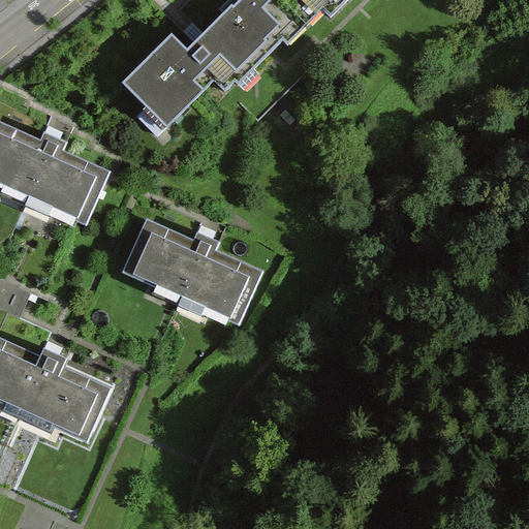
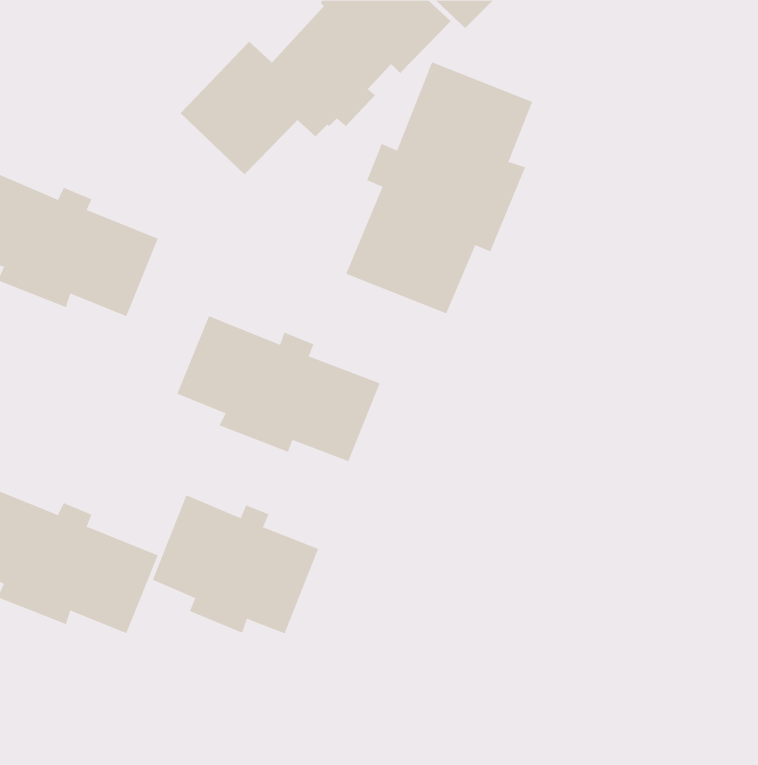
building: none -> [345,61,533,314]
building: none -> [152,495,319,634]

